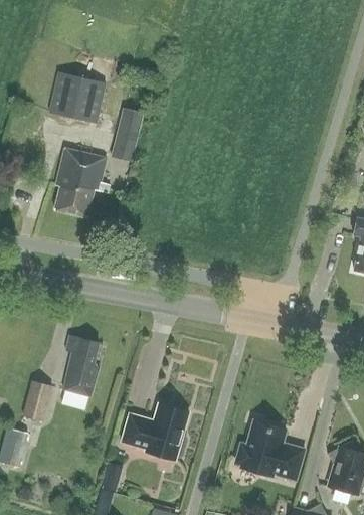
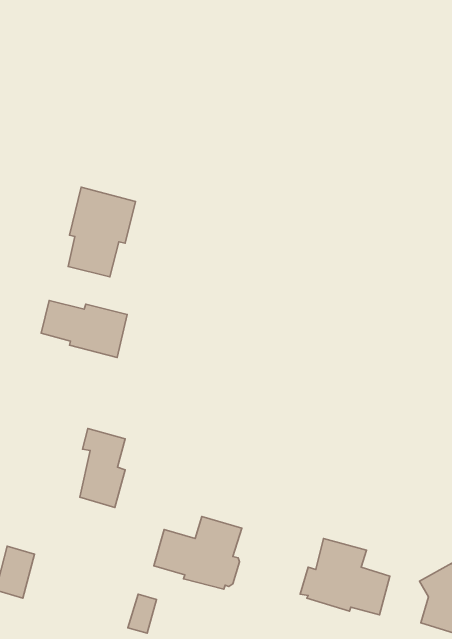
building: [49,72,106,123] -> none
building: [110,109,144,164] -> none
building: none -> [41,301,127,357]
building: [23,381,51,421] -> none

